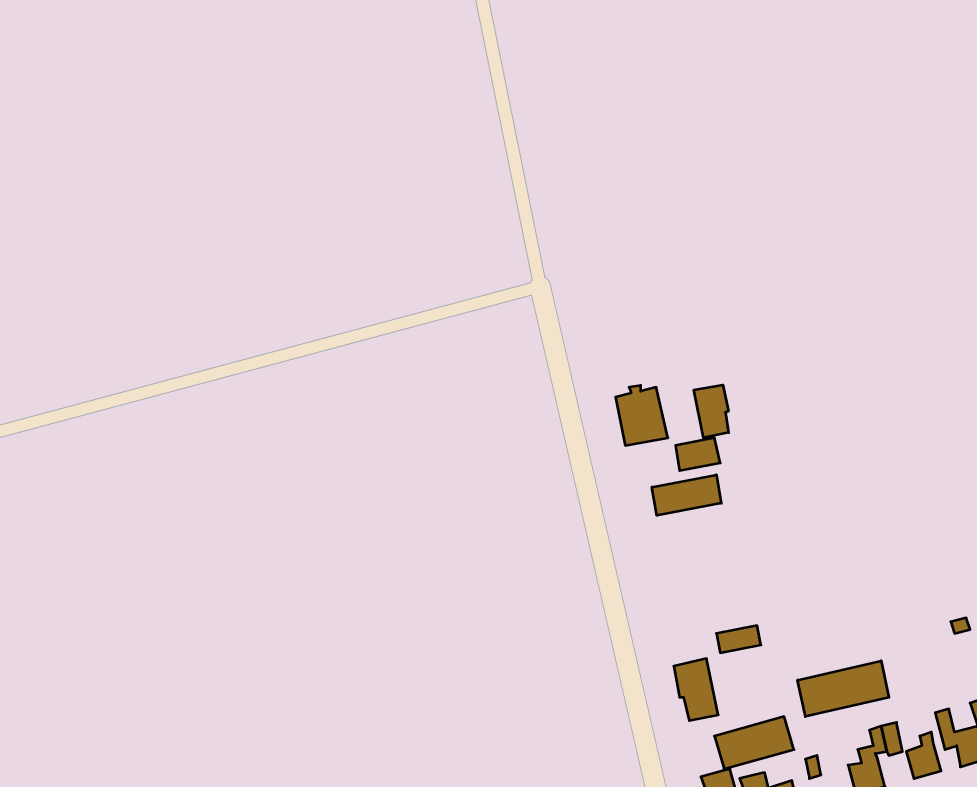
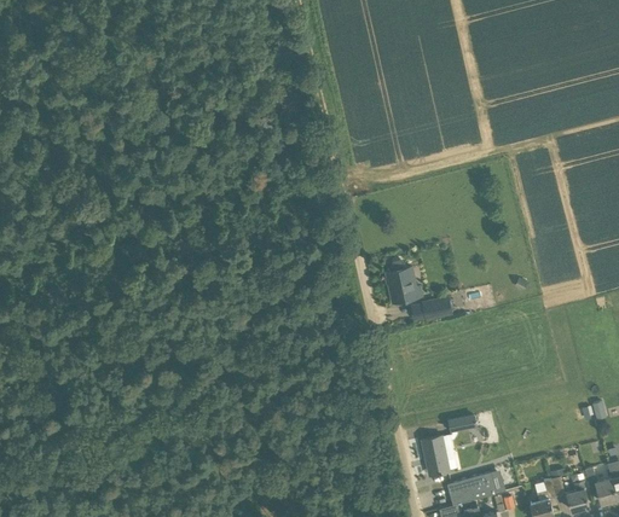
building: [694,385,729,438] -> none
building: [652,475,721,515] -> none
building: [798,661,889,717] -> none

